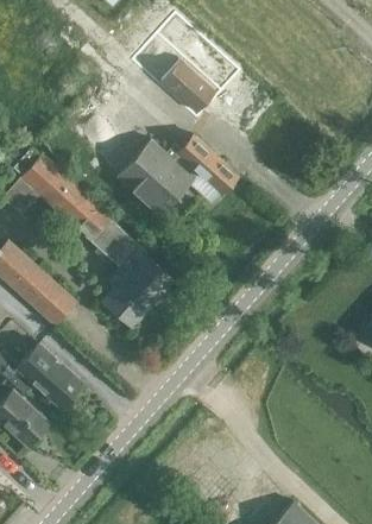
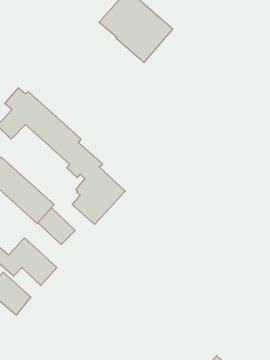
building: [112,126,235,214] -> none
building: none -> [38,208,75,244]

